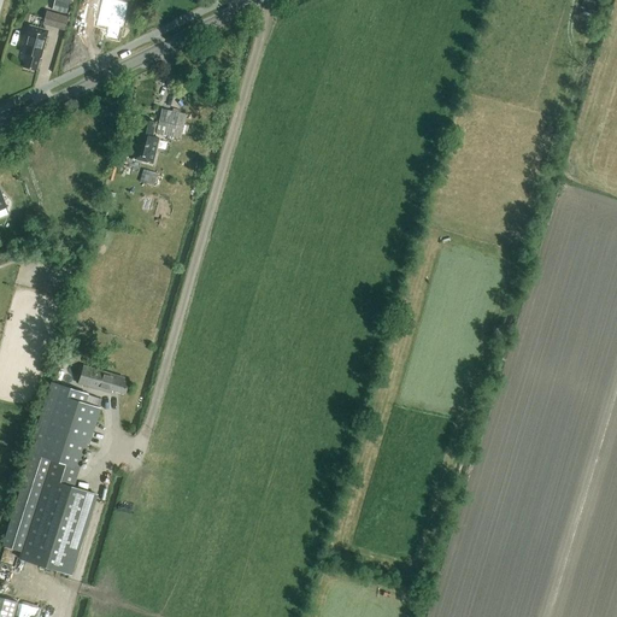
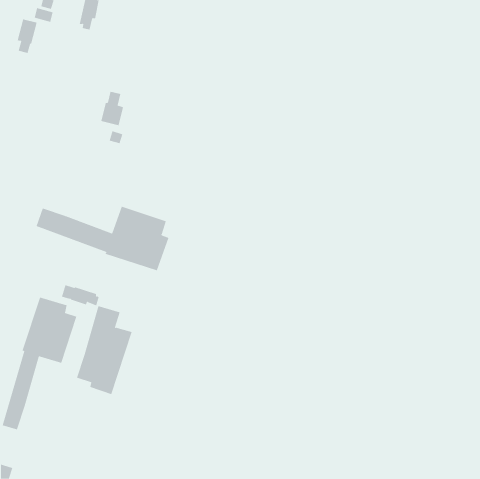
building: [155,107,187,137] -> none
building: none -> [36,206,169,271]
building: [23,458,95,572] -> [76,306,133,395]

